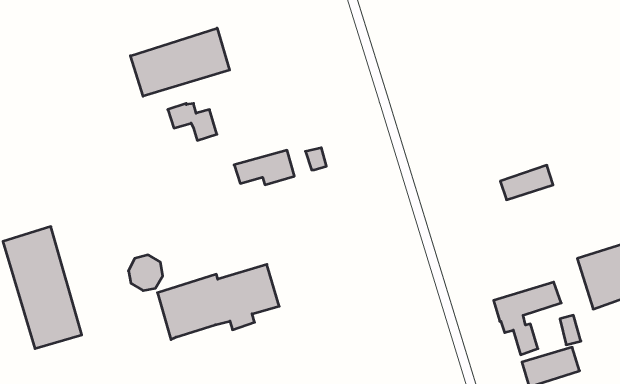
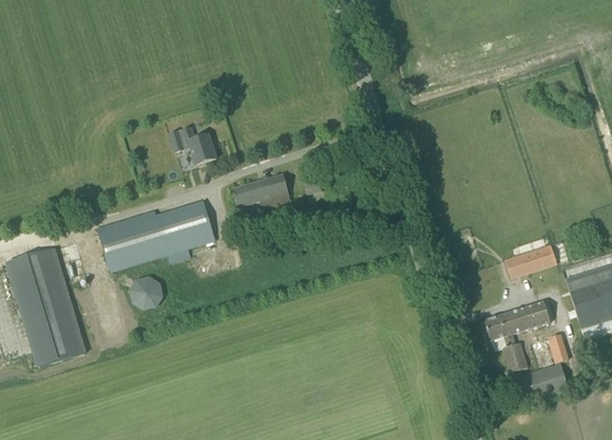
building: [130,28,230,96] -> none
building: [500,165,553,200] -> [504,244,556,277]
building: [157,264,279,340] -> [97,200,215,273]

